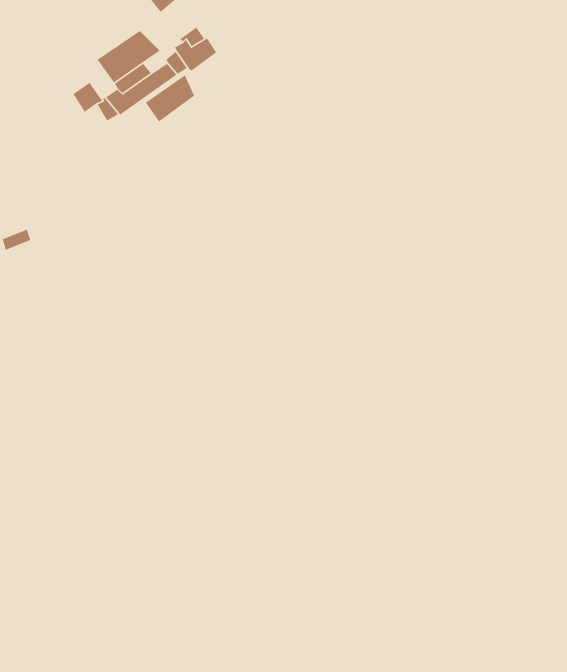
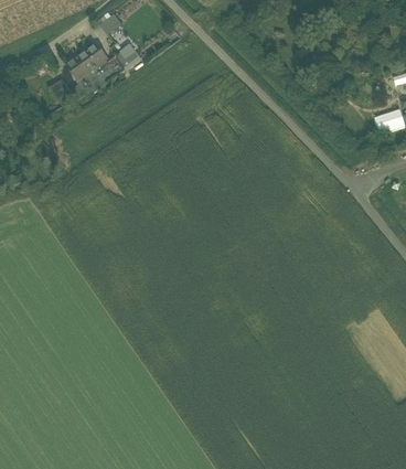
building: [145,74,195,122] -> none

